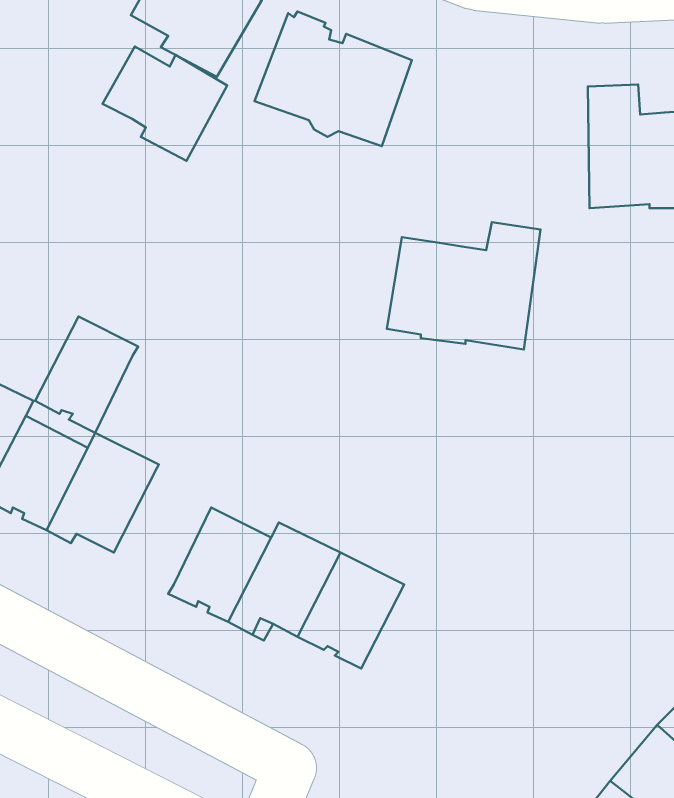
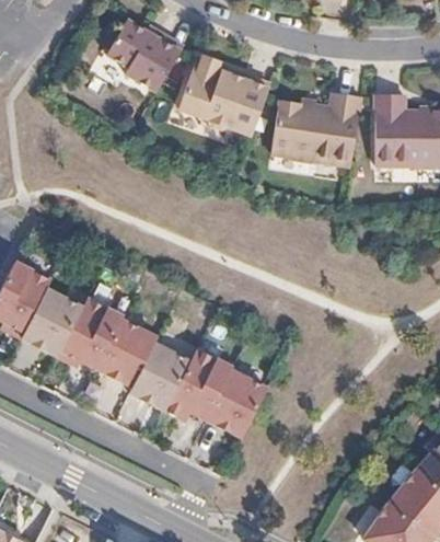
building: [102,46,227,161] -> none
building: [387,222,541,349] -> [270,91,360,165]
building: [35,317,138,433] -> [97,320,158,388]

